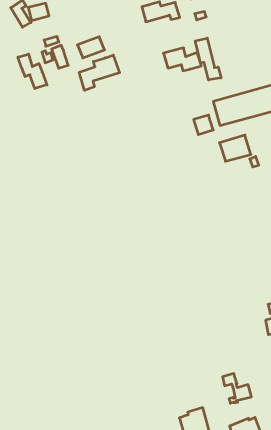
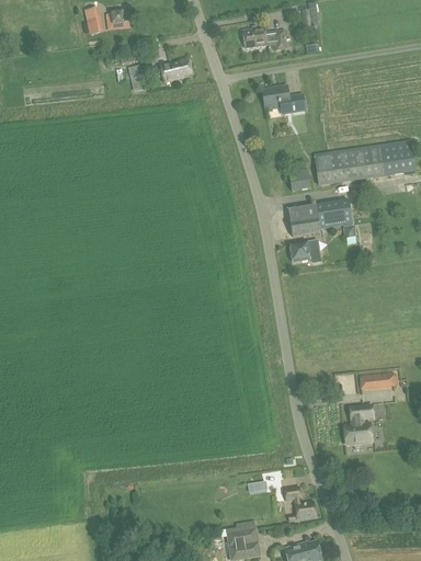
building: [195,38,221,80] -> none
building: [18,54,47,89] -> none
building: [79,55,120,90] -> none
building: none -> [287,205,319,236]
building: none -> [289,240,320,263]

